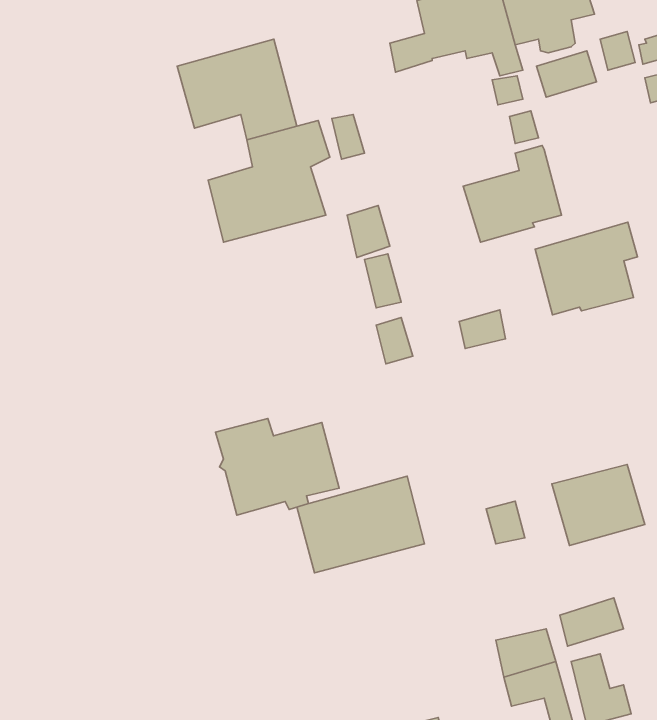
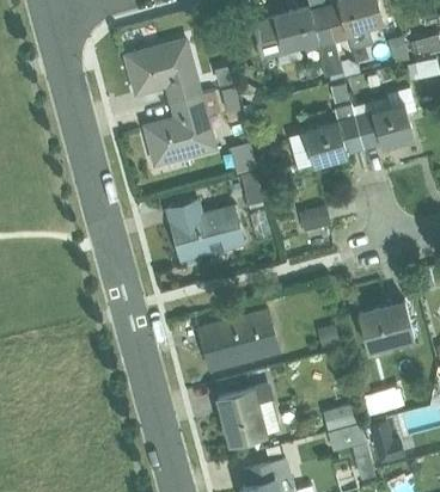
building: [535,222,637,315] -> [353,91,416,148]
building: [216,418,339,515] -> [167,201,244,260]
building: none -> [219,383,280,443]

